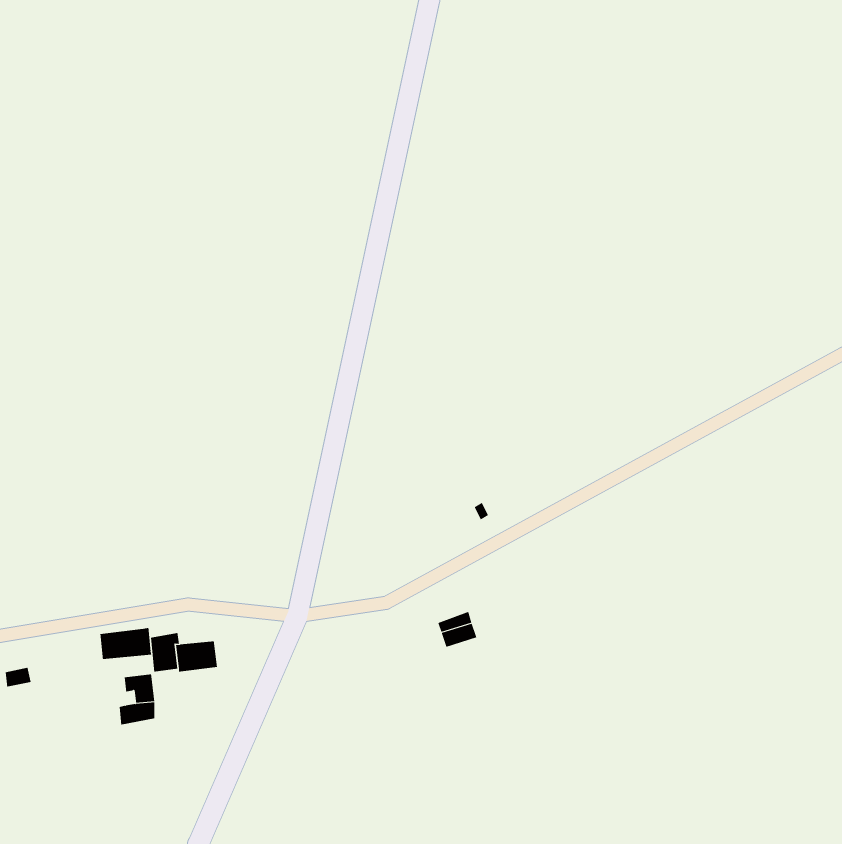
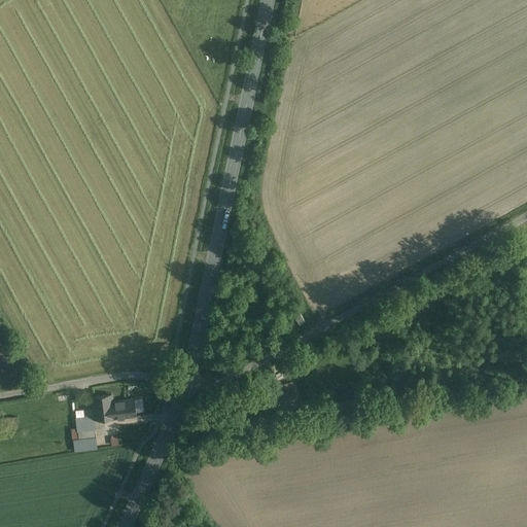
building: [100,627,152,660] -> none

